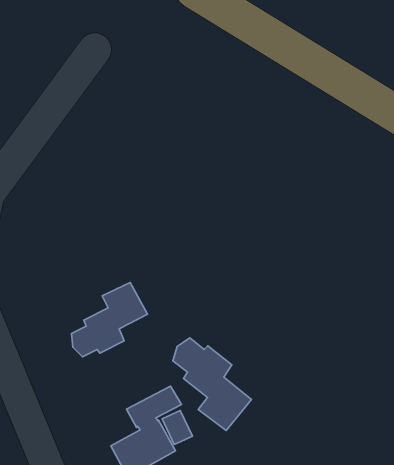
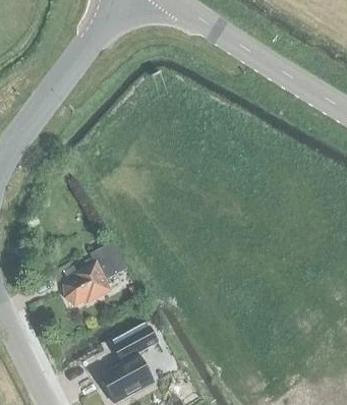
building: [173,338,251,431] -> none

